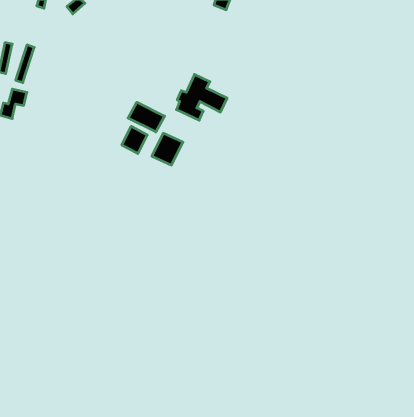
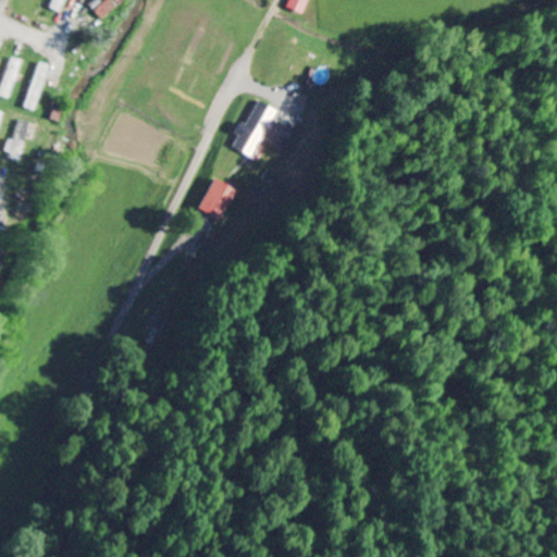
building: [128,102,165,132] -> none
building: [122,126,147,154] -> none

